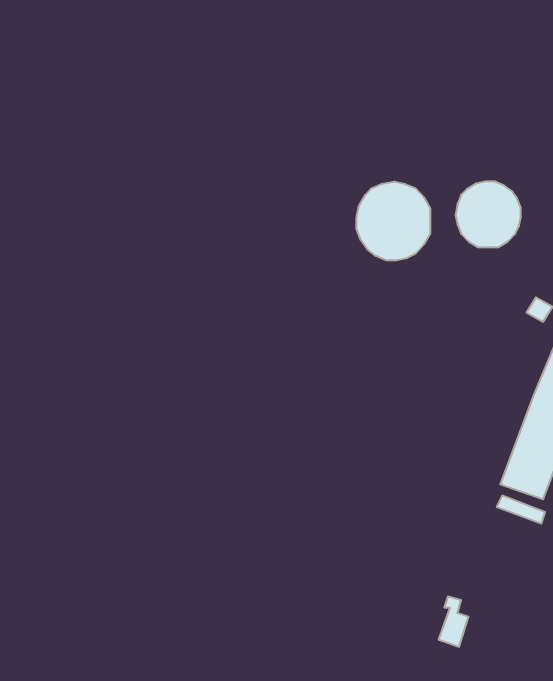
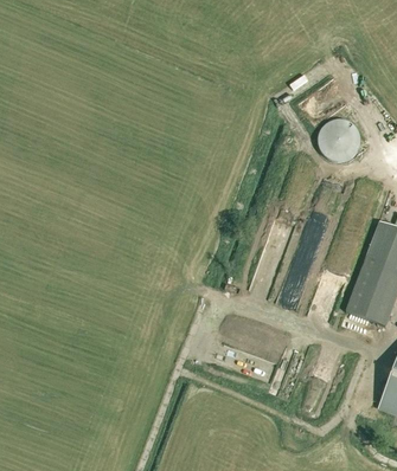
building: [357,181,430,260] -> none

